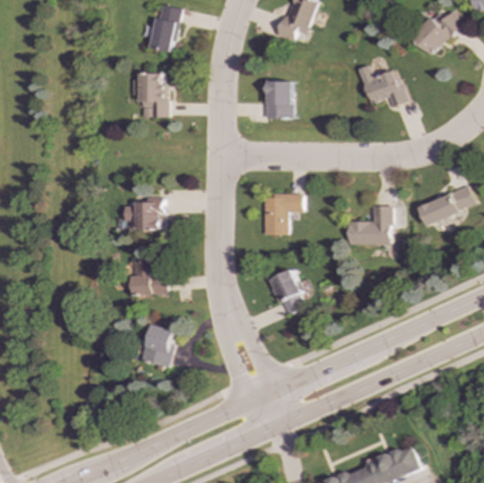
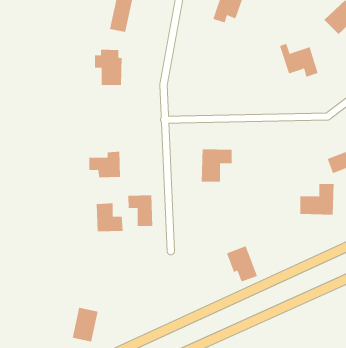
building: [264,80,292,118] -> none
building: [344,206,387,244] -> [299,183,334,215]
building: none -> [128,194,153,227]
building: [269,269,308,314] -> [226,246,258,282]
building: [145,323,177,366] -> [72,307,99,342]

